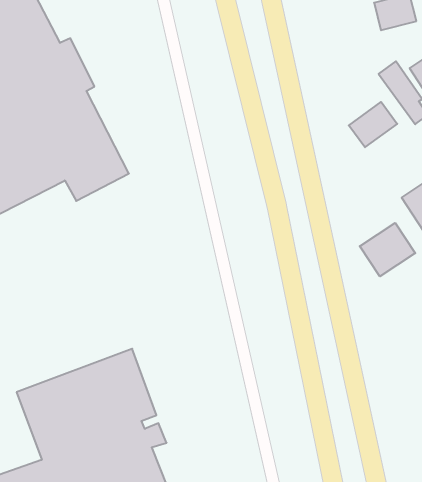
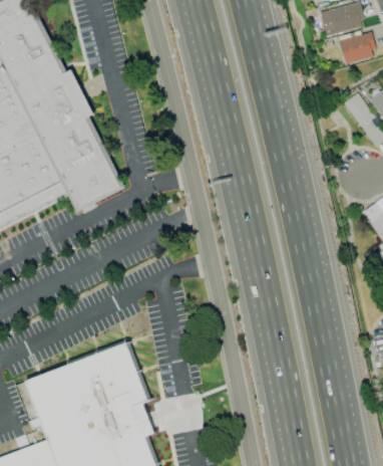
building: [349,102,397,147] -> none
building: [360,223,415,276] -> none

